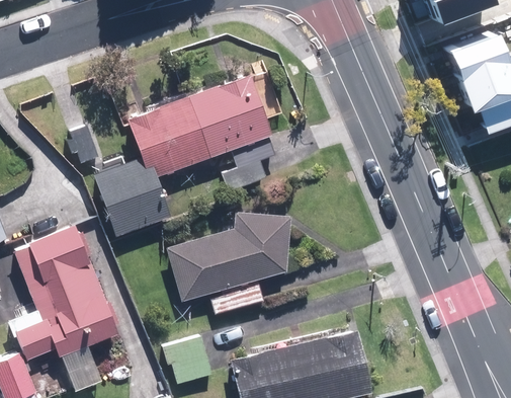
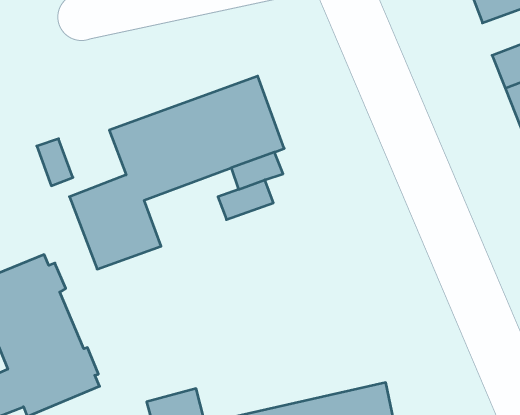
building: [166,211,290,301] -> none

